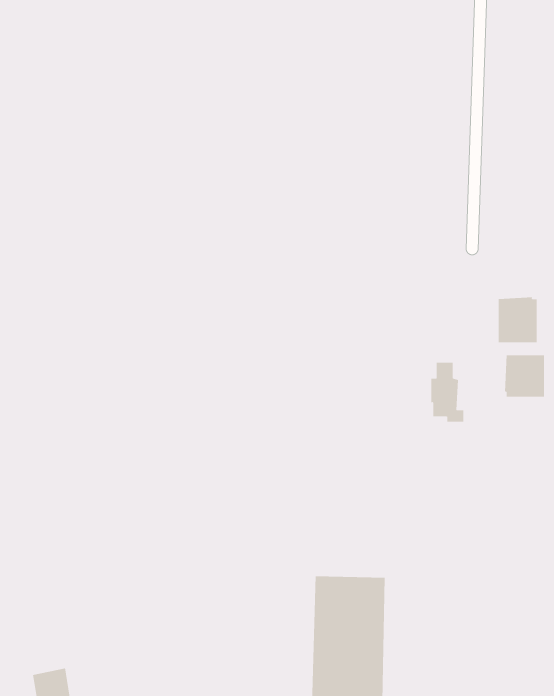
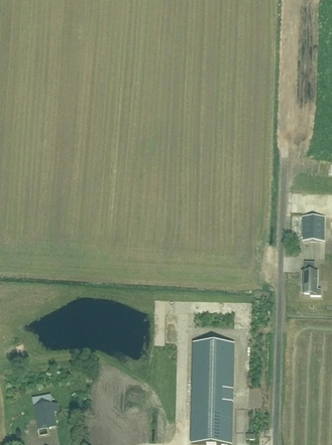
building: [498,296,537,343] -> none
building: [431,362,464,422] -> [302,261,321,295]

